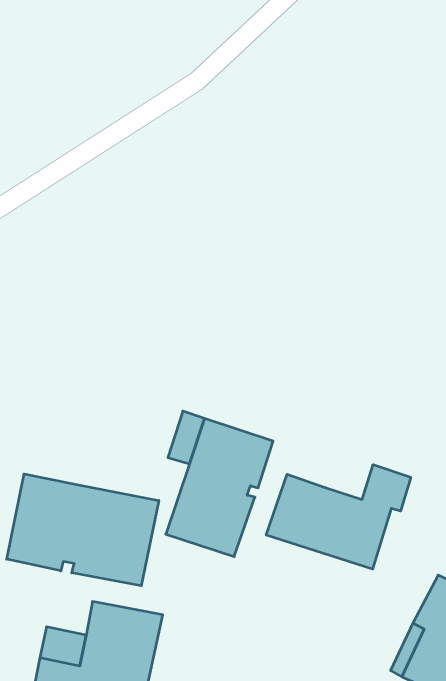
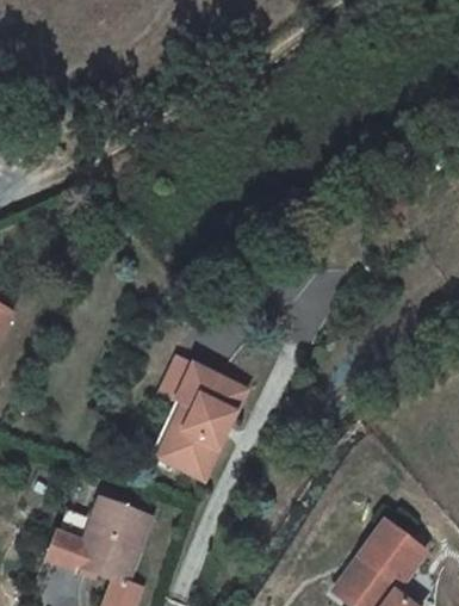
building: [266,465,411,569] -> none
building: [7,474,159,586] -> none

